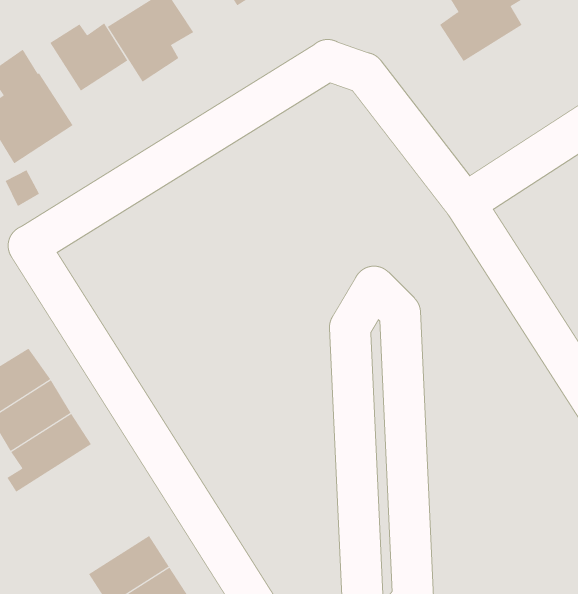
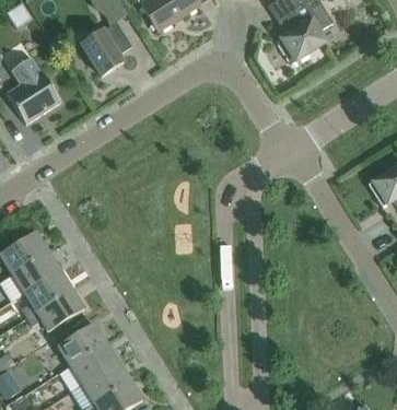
building: [49,23,128,91] -> none
building: none -> [27,289,84,331]
building: none -> [58,323,106,365]

